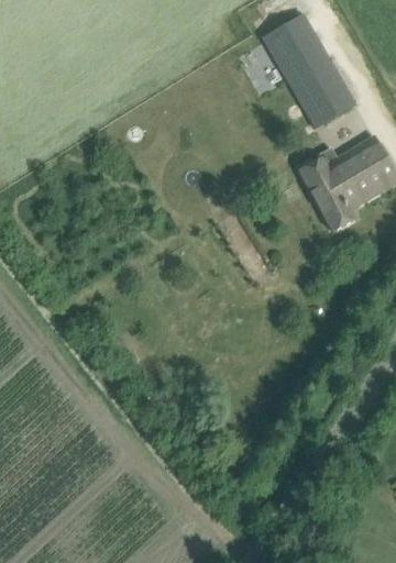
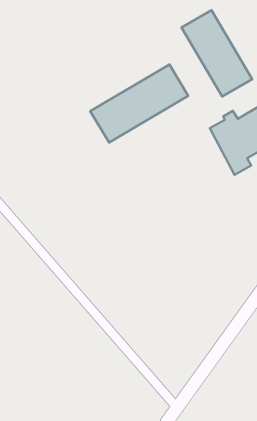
building: none -> [90,64,188,143]

